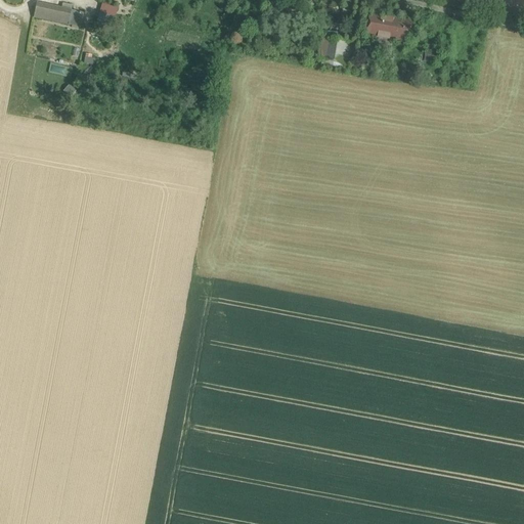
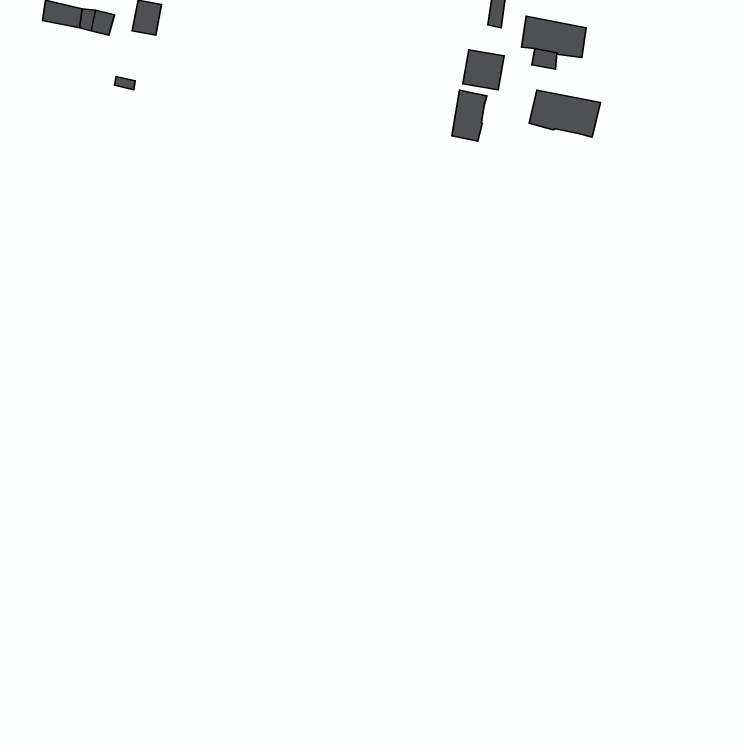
building: none -> [452,90,487,141]
building: none -> [529,90,600,137]

